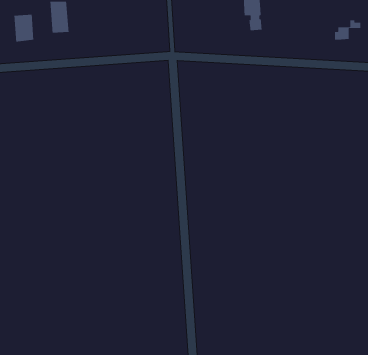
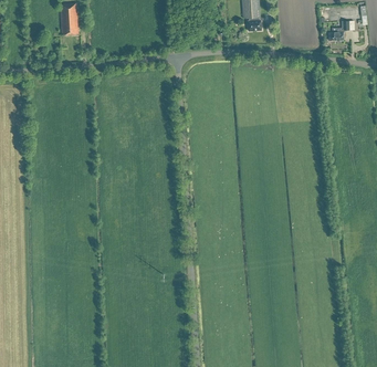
building: [14,14,34,43] -> none

